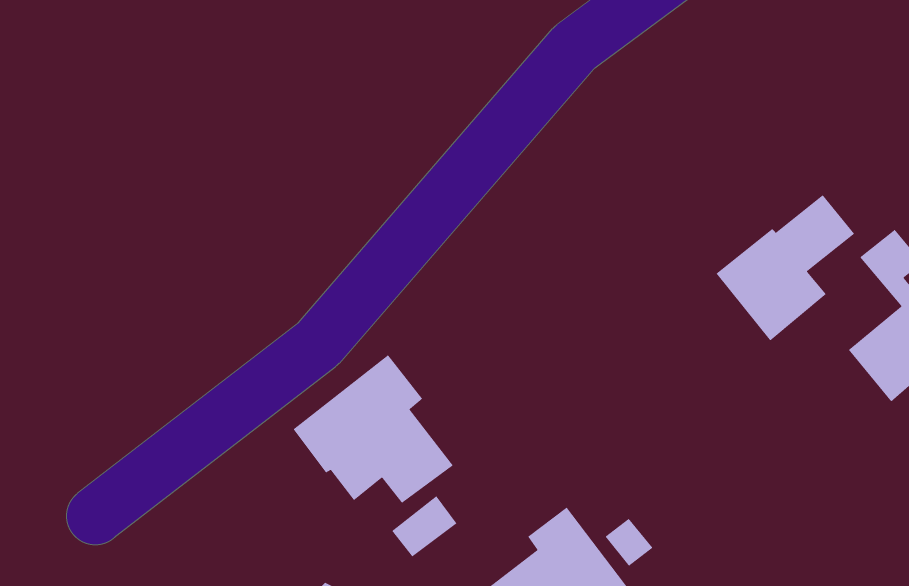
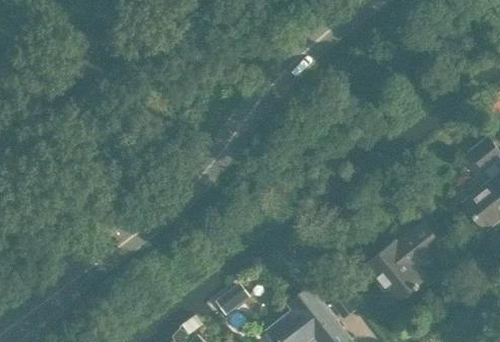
building: [715,194,855,341] -> [362,225,437,304]
building: [293,354,454,504] -> none

